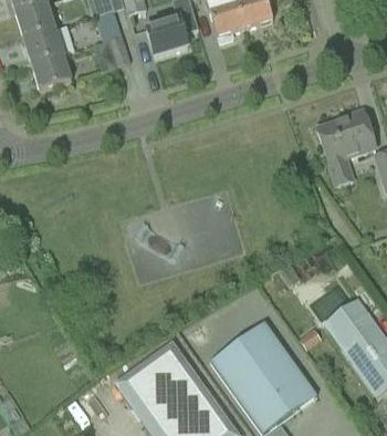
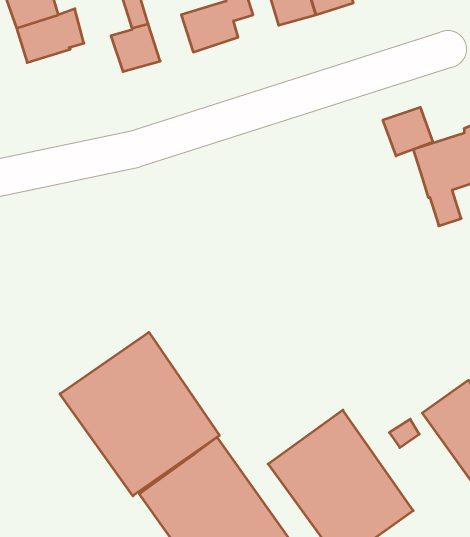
building: [31,53,71,90] -> none
building: none -> [383,107,433,156]
building: none -> [60,332,219,496]

